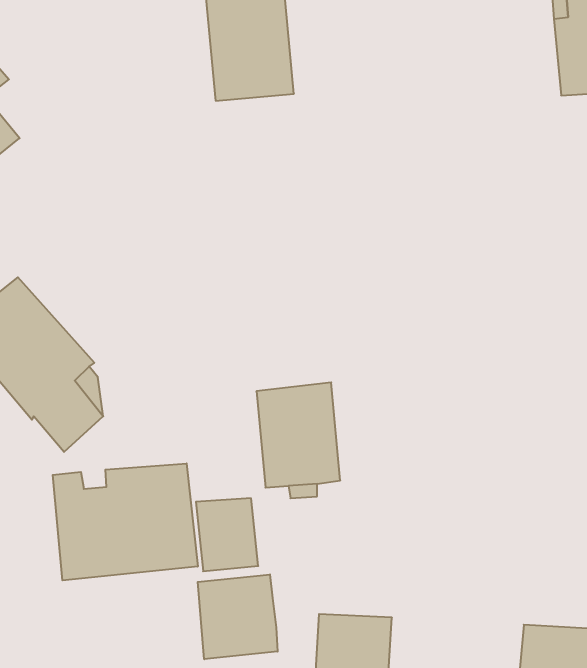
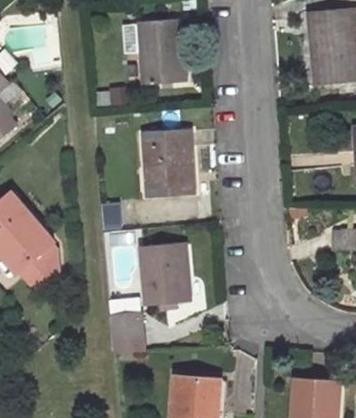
building: none -> [146,135,195,198]
building: [53,463,198,580] -> none
building: [198,574,278,659] -> none

